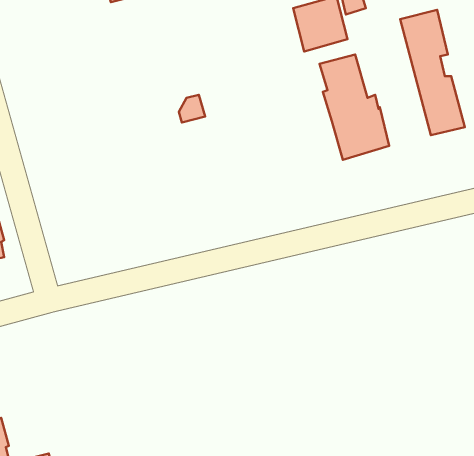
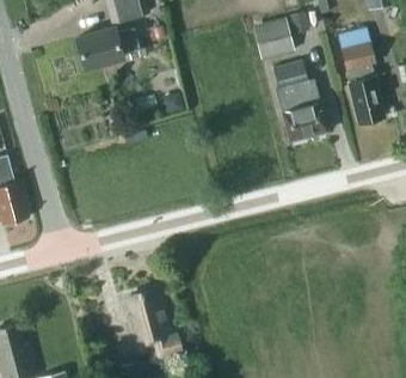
building: none -> [76,28,139,69]
building: none -> [129,289,182,360]

